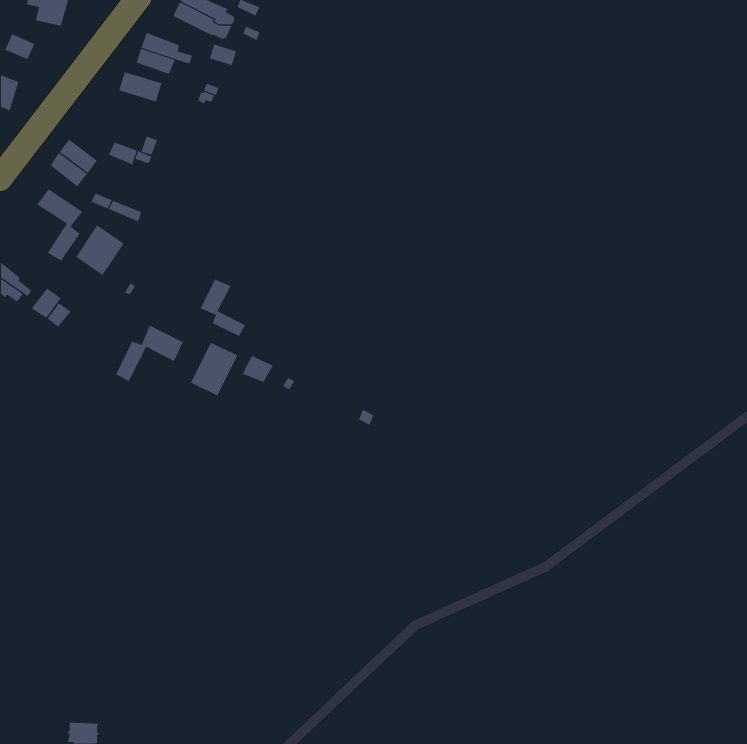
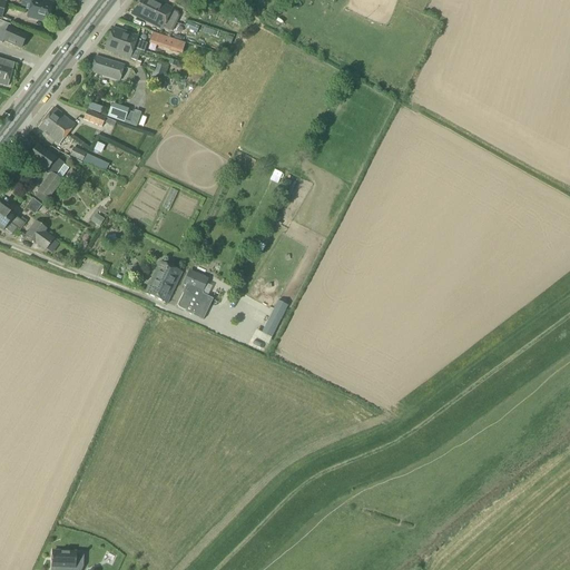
building: [75,224,124,276] -> none
building: [200,278,246,337] -> none
building: [115,325,183,382] -> none
building: none -> [176,285,213,318]

